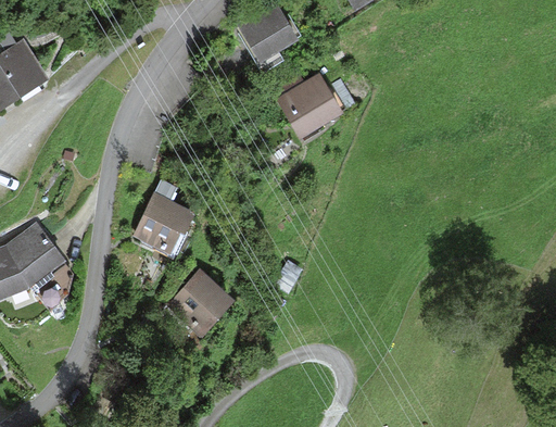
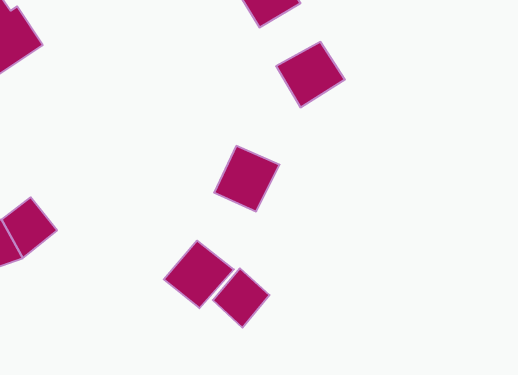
building: [131,192,195,256] -> [214,146,280,211]
building: none -> [213,268,270,328]

